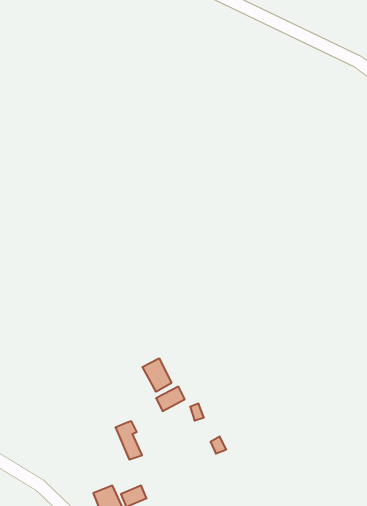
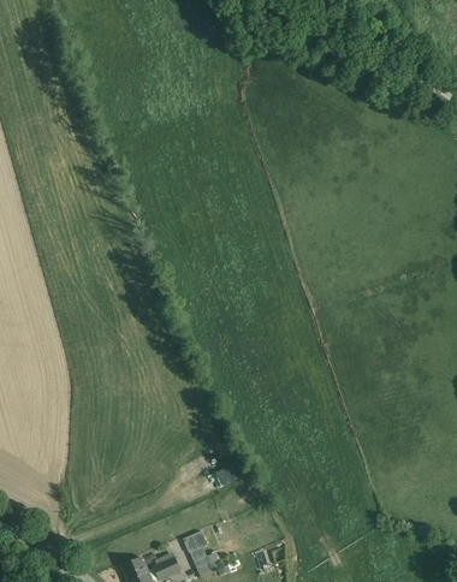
building: [142,358,171,392] -> none
building: [115,421,142,460] -> [184,530,214,574]

